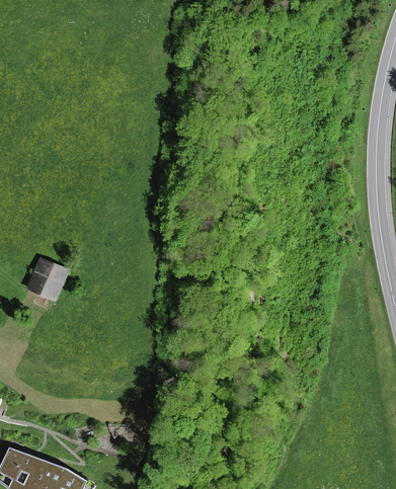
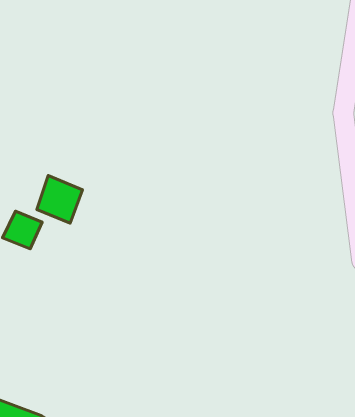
building: none -> [37,175,83,223]

